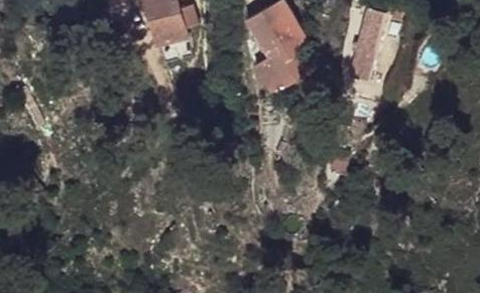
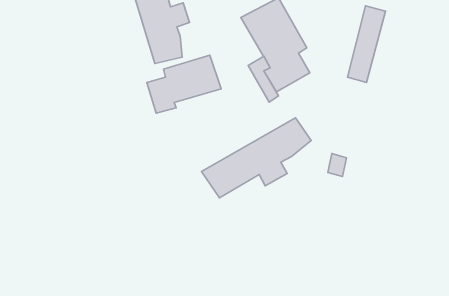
building: none -> [147,55,221,113]
building: none -> [202,118,311,198]

